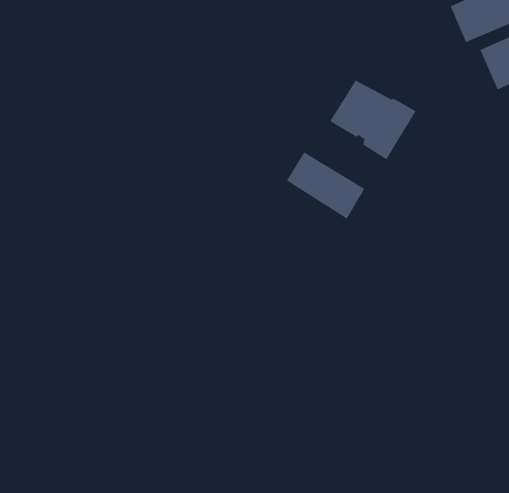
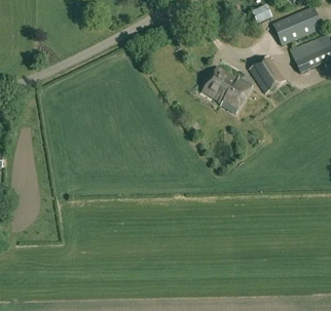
building: none -> [249,54,285,92]
building: [286,151,365,220] -> none

